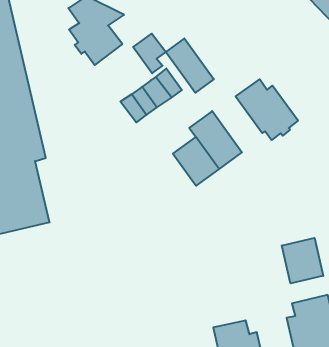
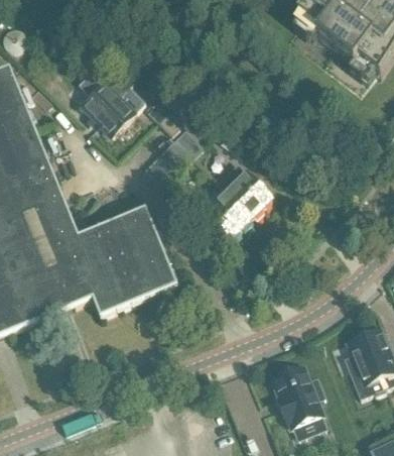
building: [166,38,214,93] -> none
building: [236,79,298,140] -> none
building: none -> [68,206,176,316]
building: [282,238,323,283] -> none

